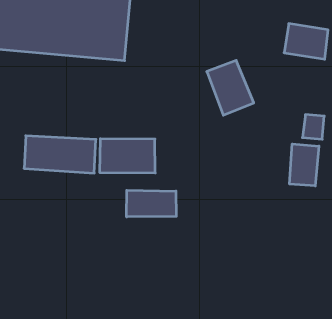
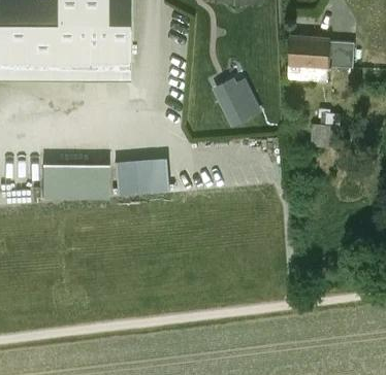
building: [290,144,319,186] -> none
building: [127,190,176,217] -> none

